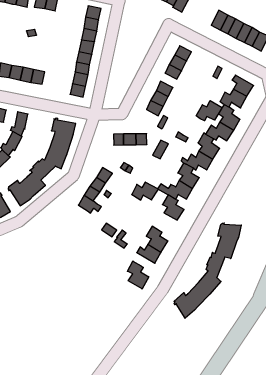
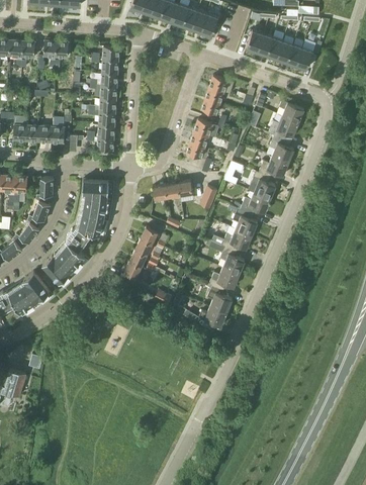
building: [196,101,222,121] -> none
building: [132,182,158,200] -> [210,269,240,290]
building: [174,223,241,318] -> none
building: [127,261,149,289] -> none

